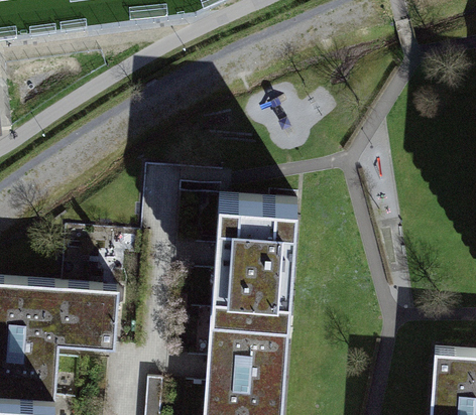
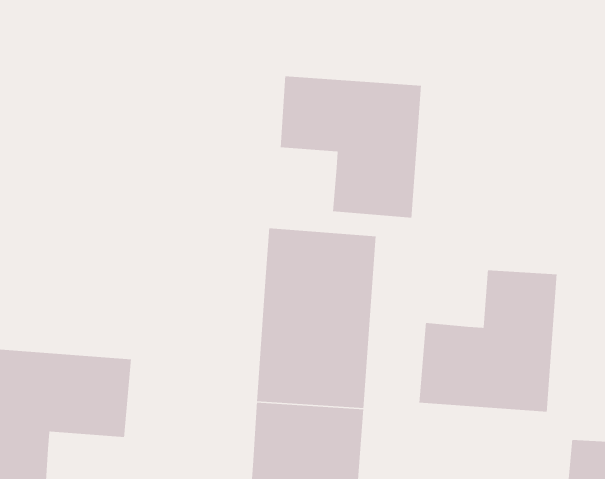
building: none -> [280,75,422,218]
building: none -> [418,269,557,412]

